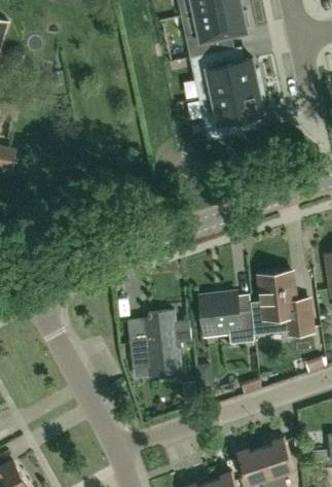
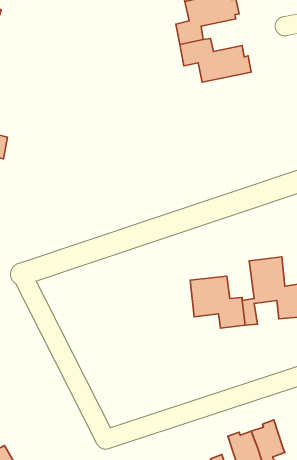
building: [201,85,264,140] -> none
building: [127,310,189,376] -> none

